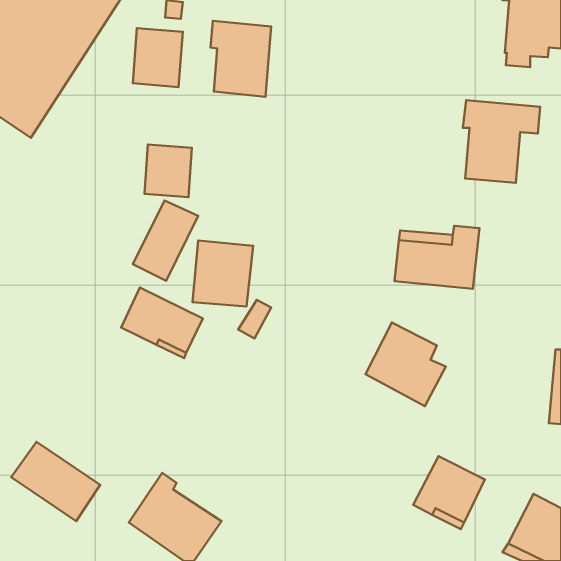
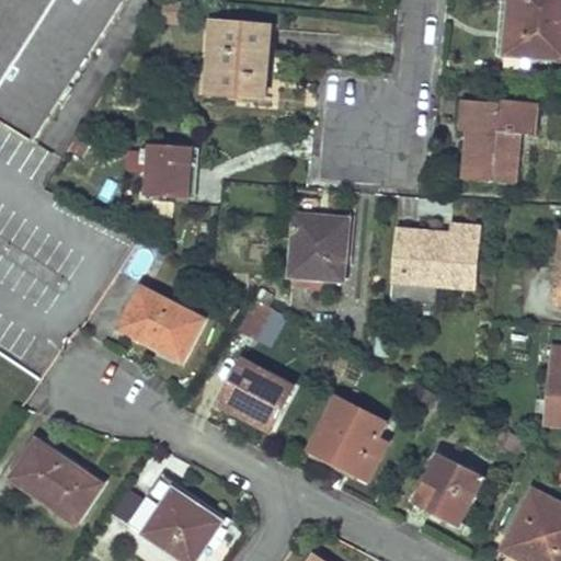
building: [133,28,183,87] -> none
building: [133,200,198,281] -> none
building: [193,240,253,307] -> [288,214,348,279]
building: [365,322,446,406] -> [310,397,390,480]
building: none -> [217,357,291,428]

